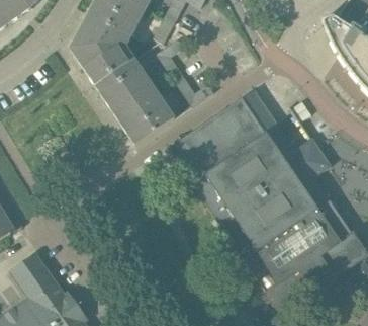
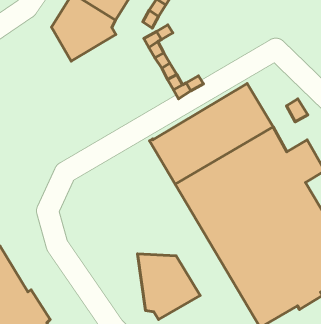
building: [90,51,174,144] -> none
building: none -> [137,254,200,320]

